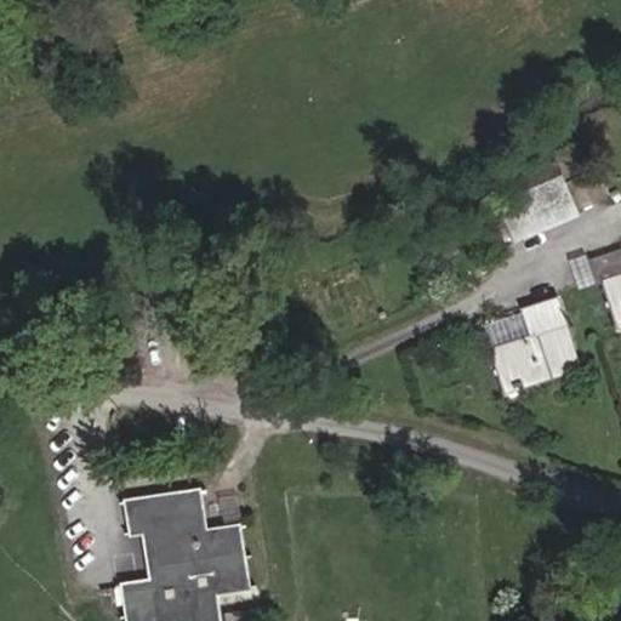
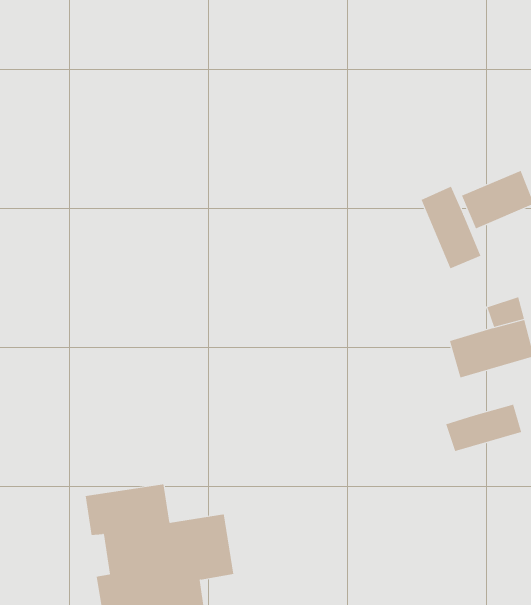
building: none -> [421,186,481,269]
building: none -> [446,404,522,452]

